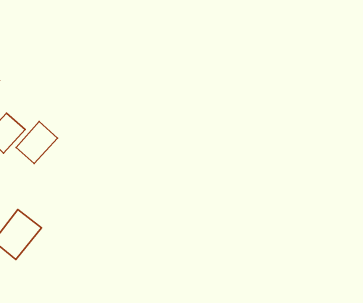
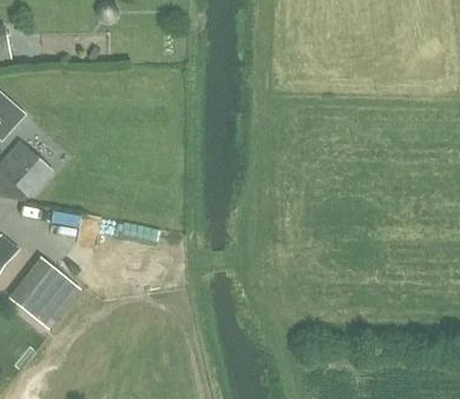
building: [16,122,57,163] -> none

